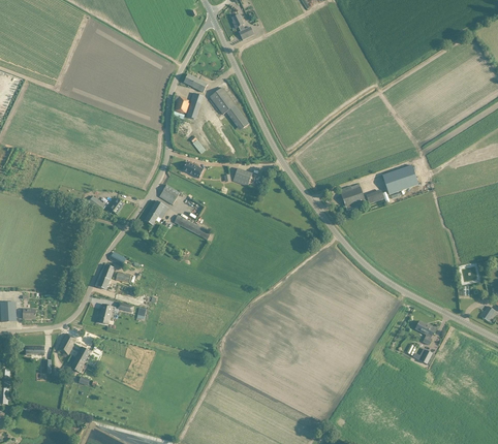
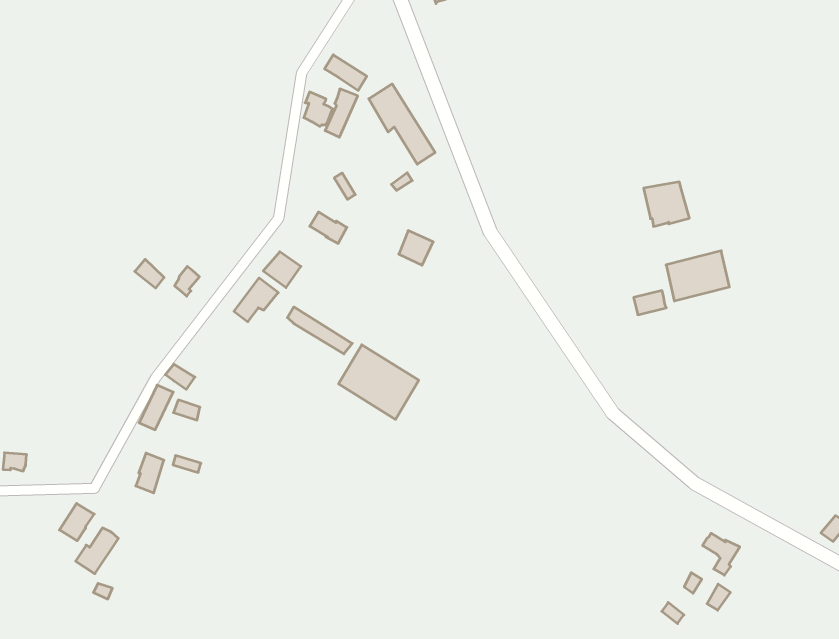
building: [340,184,367,210] -> [644,182,689,226]
building: none -> [339,345,419,419]

